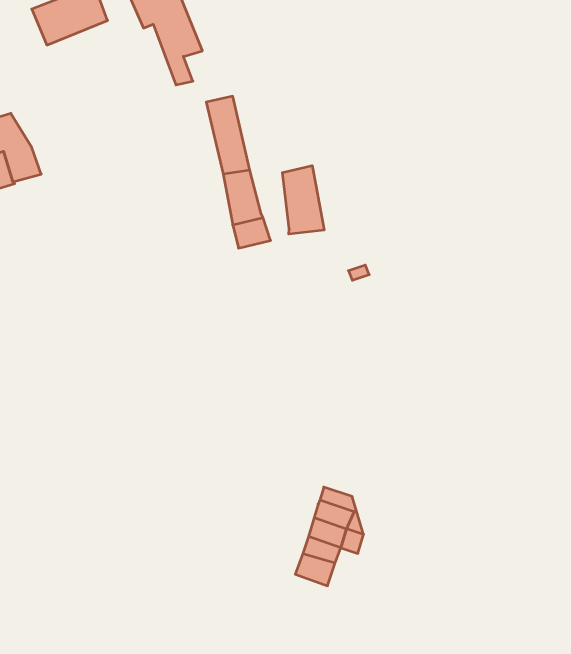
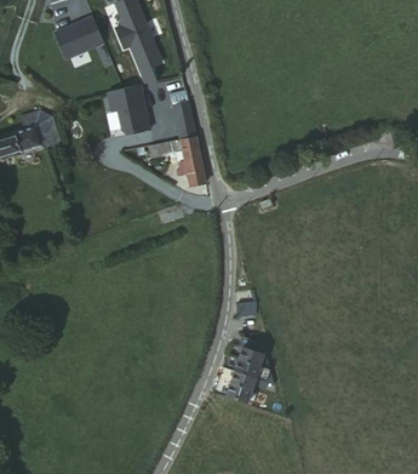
building: none -> [109,84,151,135]
building: [282,166,324,234] -> none

